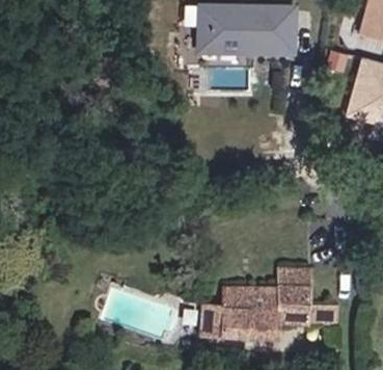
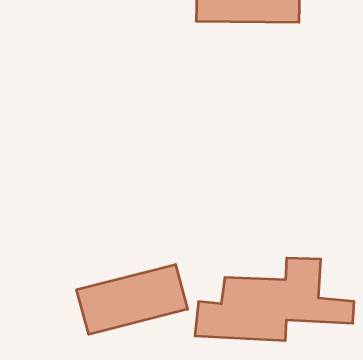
building: none -> [77,264,188,334]

